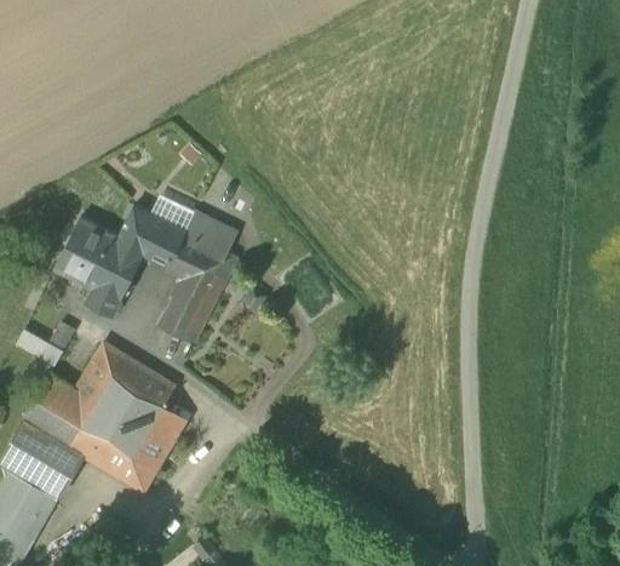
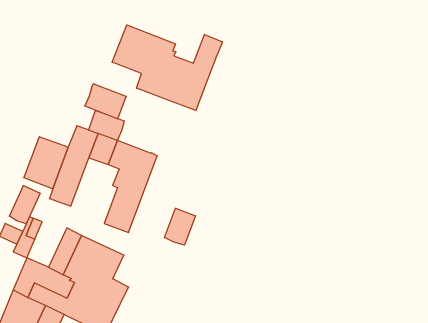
building: none -> [112,25,222,111]
building: [185,208,241,258] -> [85,84,126,119]
building: none -> [9,186,40,224]
building: none -> [164,208,195,245]

